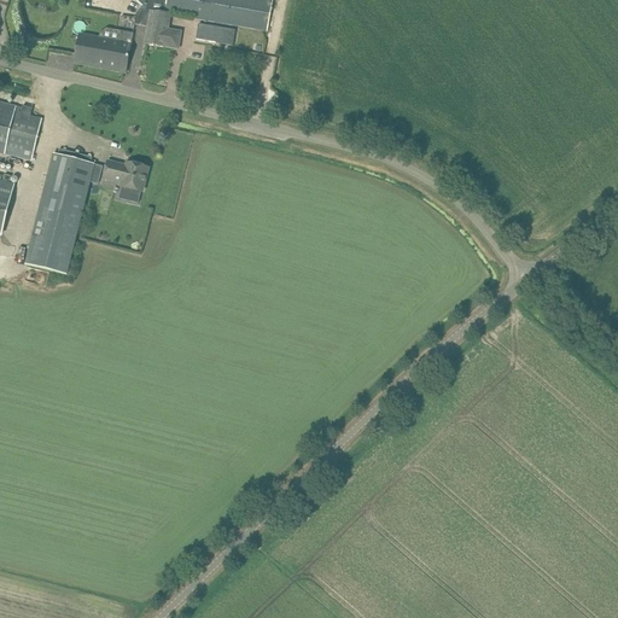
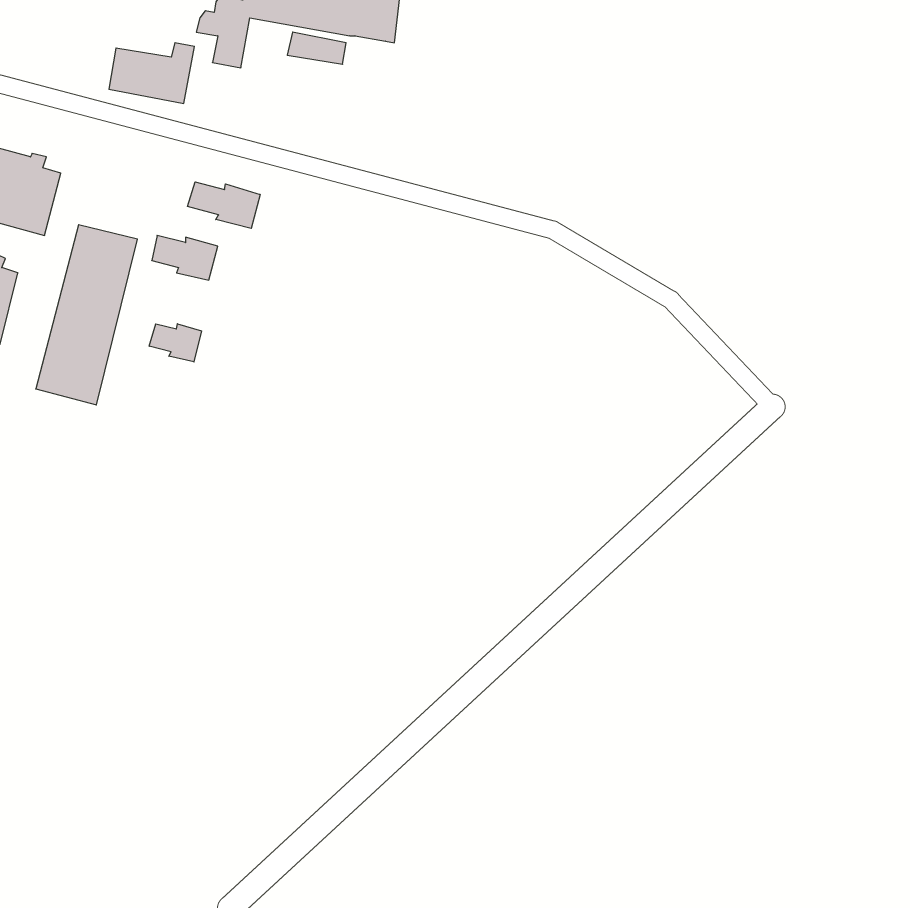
building: none -> [187,182,260,228]
building: none -> [149,324,202,362]

